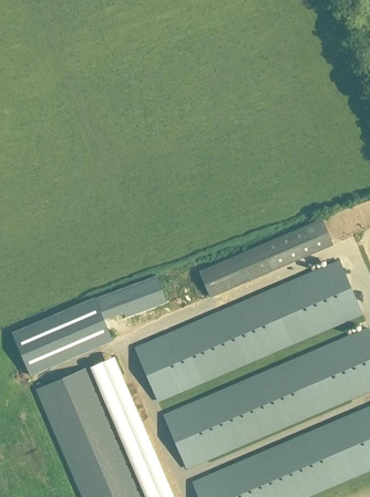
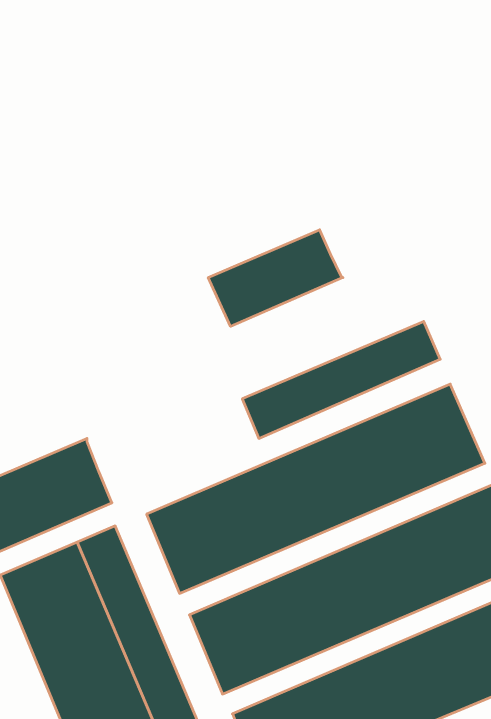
building: none -> [208,230,343,326]
building: [94,276,165,319] -> none

